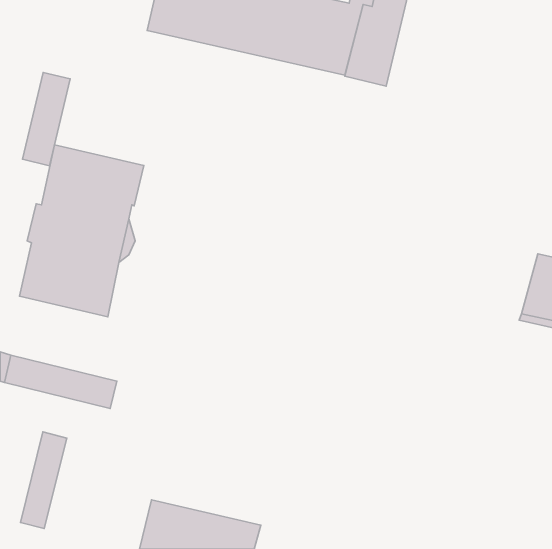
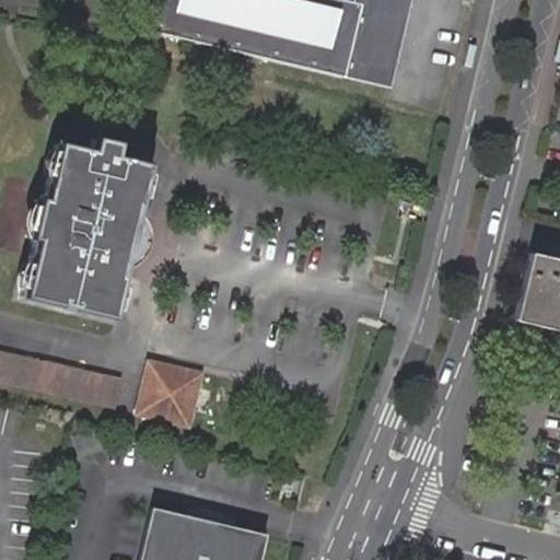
building: [23,72,70,166] -> none
building: none -> [141,366,201,427]
building: [20,432,67,528] -> none

